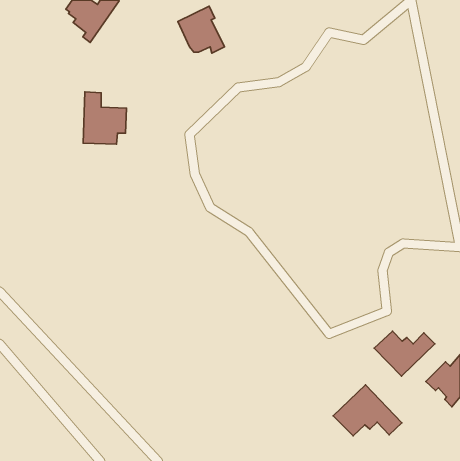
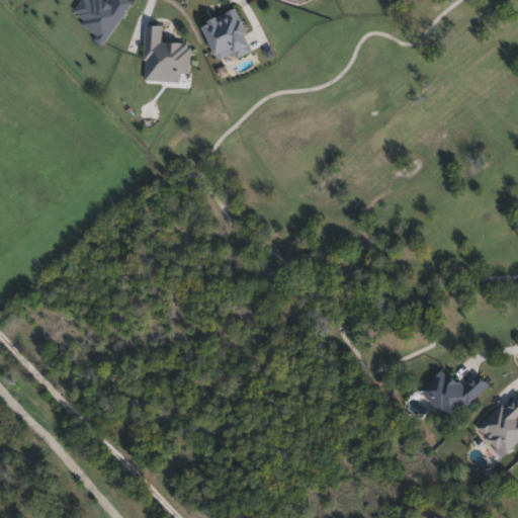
building: [83,92,126,144] -> [142,24,190,83]
building: [333,385,402,436] -> none

